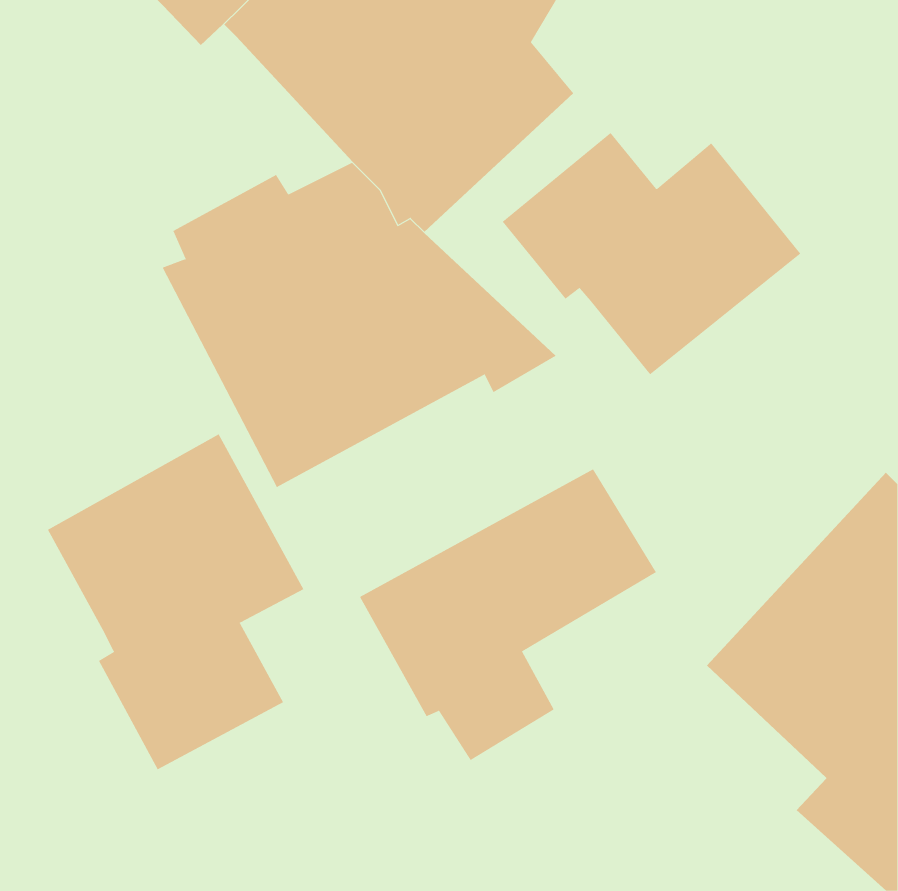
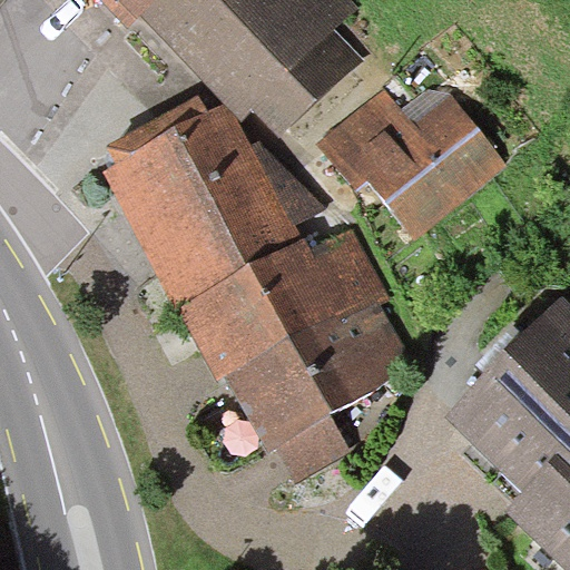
building: none -> [175,225,390,384]
building: [47,434,304,770] -> none

